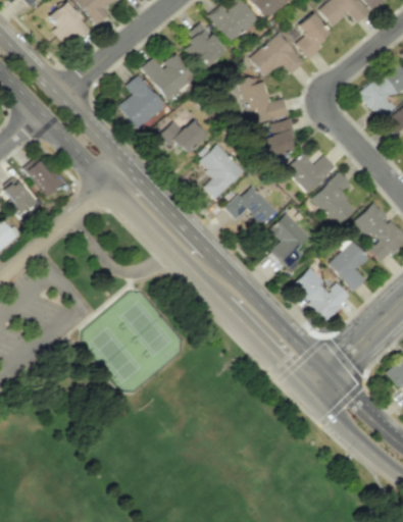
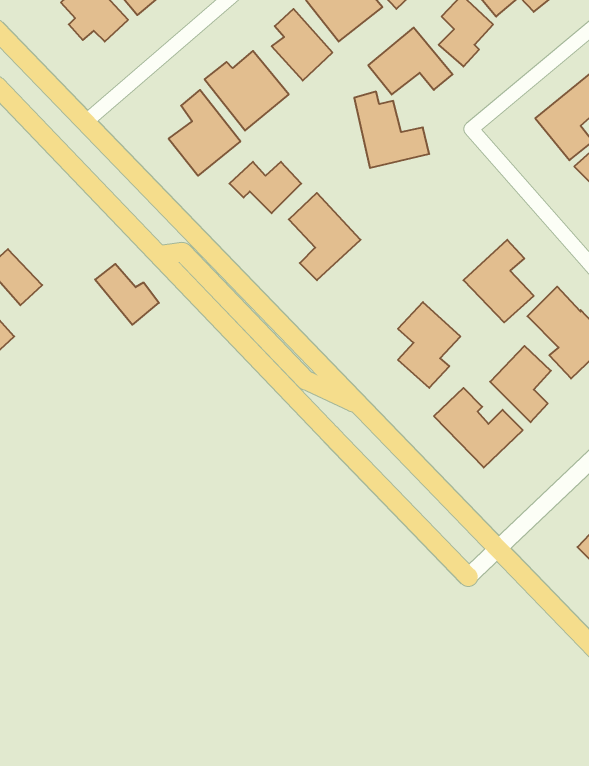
building: [260,117,295,157] -> none
building: [286,152,337,192] -> none
building: [22,157,64,197] -> [95,264,159,325]
building: [224,182,275,224] -> none

